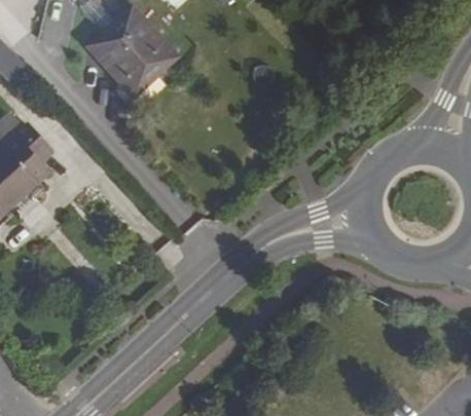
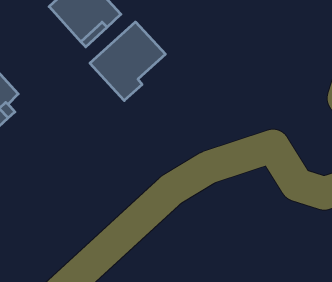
building: none -> [90,22,165,101]

